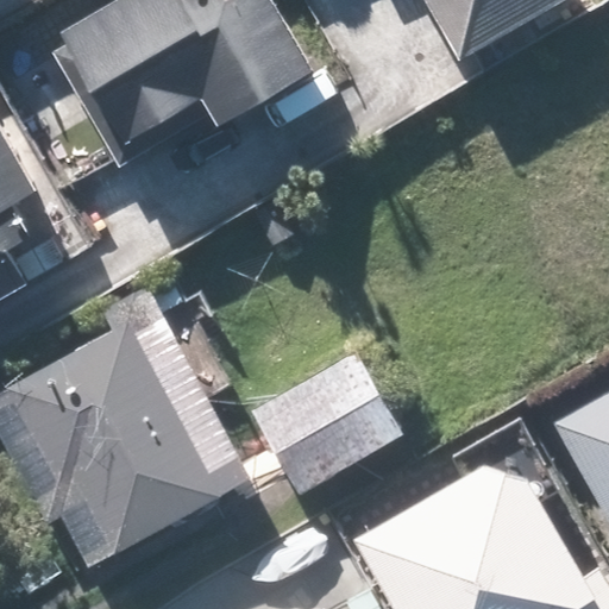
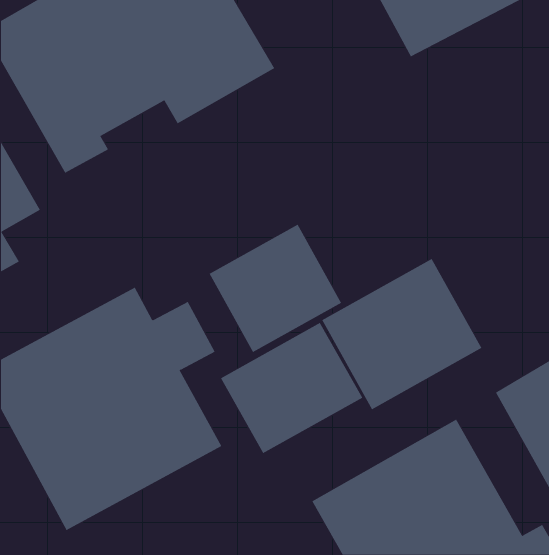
building: none -> [209,224,342,353]
building: none -> [322,258,482,410]

